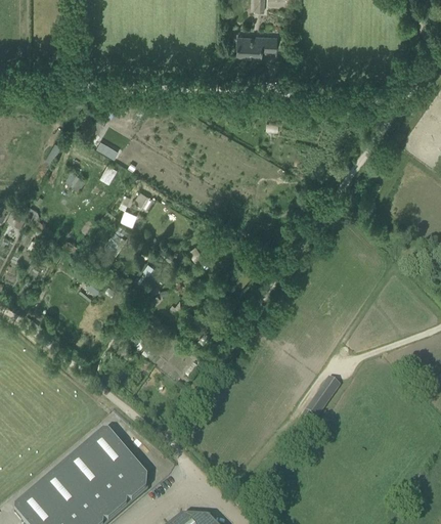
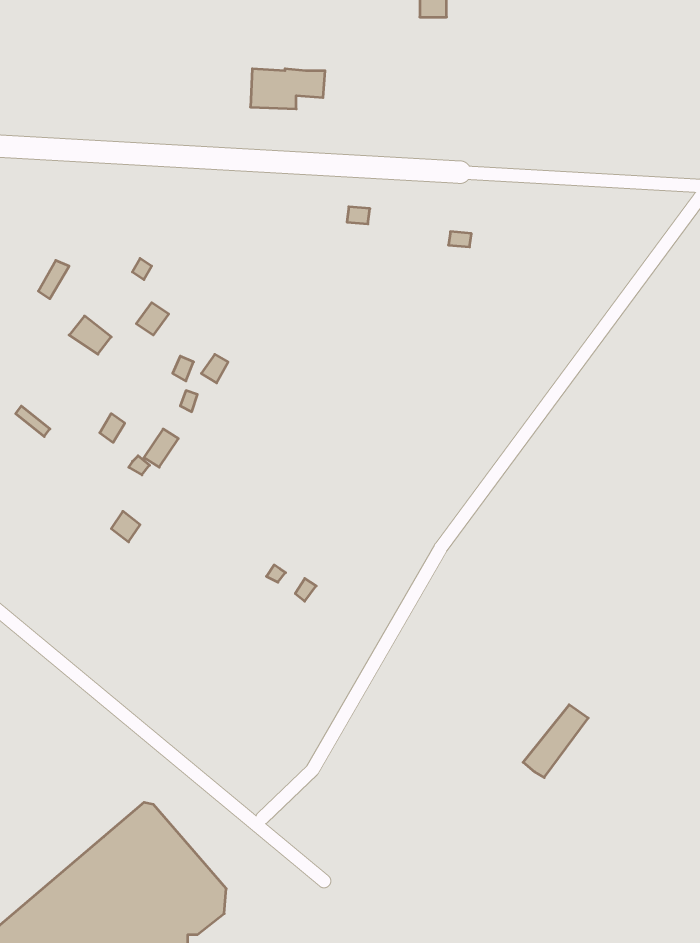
building: [237,35,277,56] -> [250,69,325,109]

